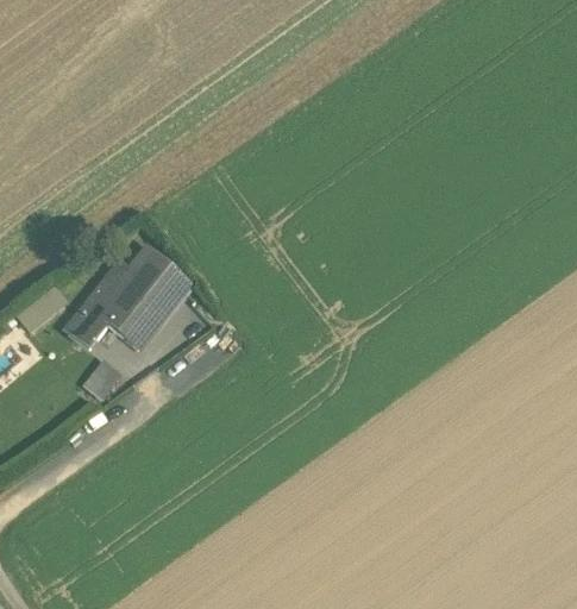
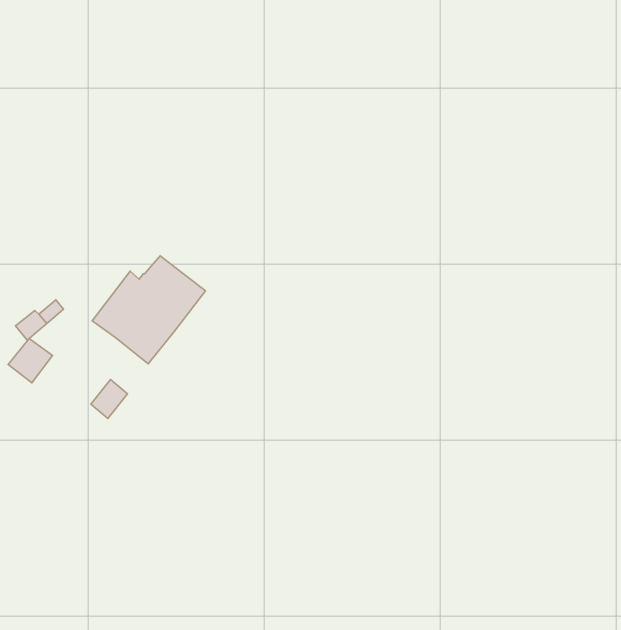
building: [67,307,107,347] -> [8,339,53,383]

